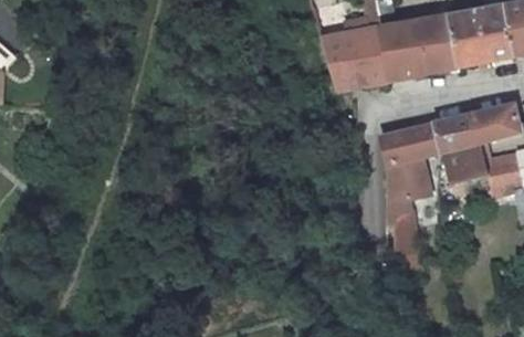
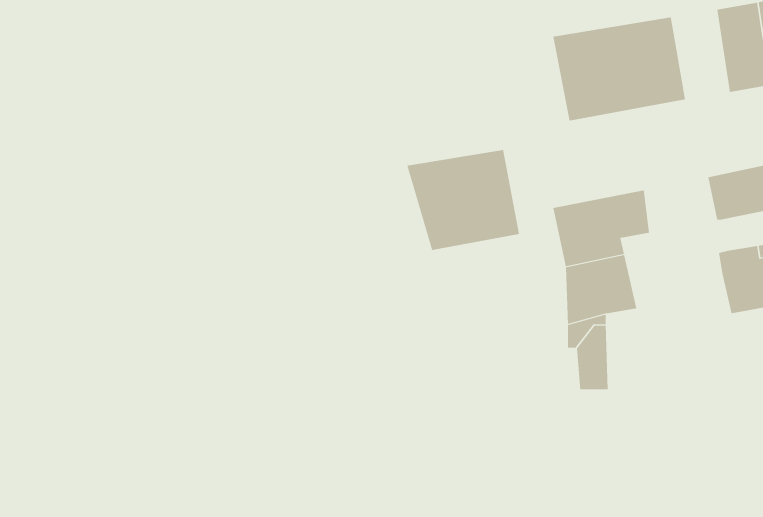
building: [453,11,489,66] -> none
building: [321,28,390,89] -> [406,149,520,250]
building: [437,114,486,180] -> none

